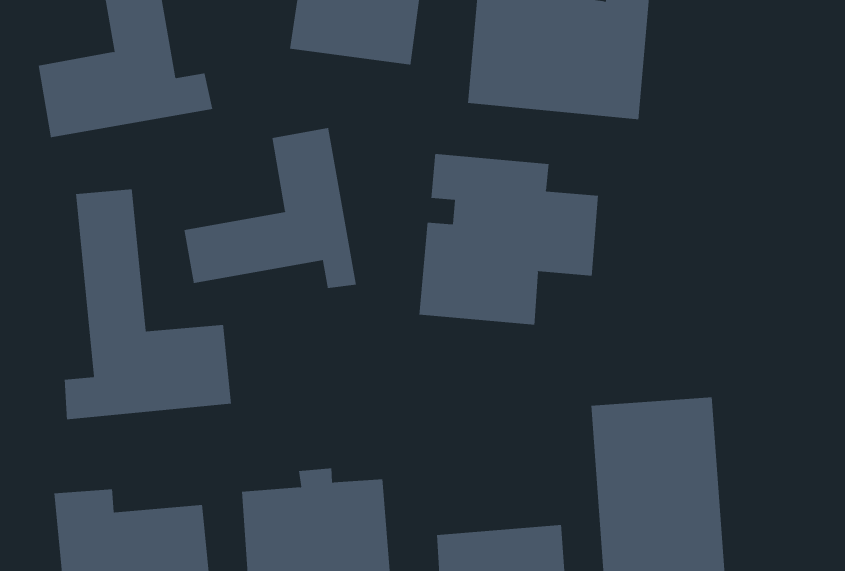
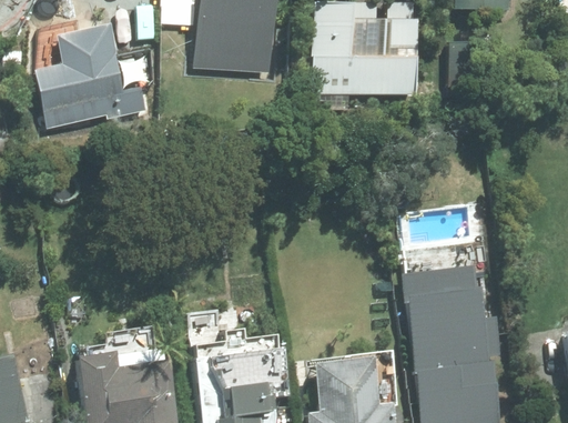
building: [184,127,356,289] -> none
building: [419,153,599,325] -> none
building: [64,188,231,420] -> none

